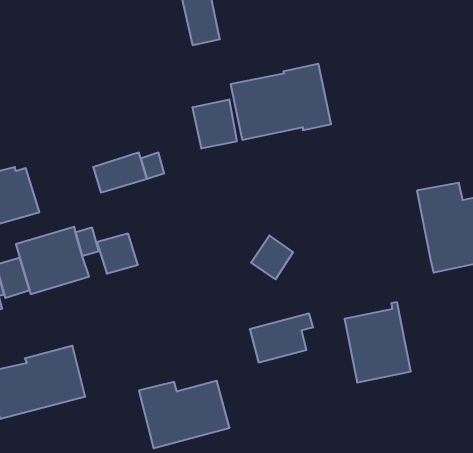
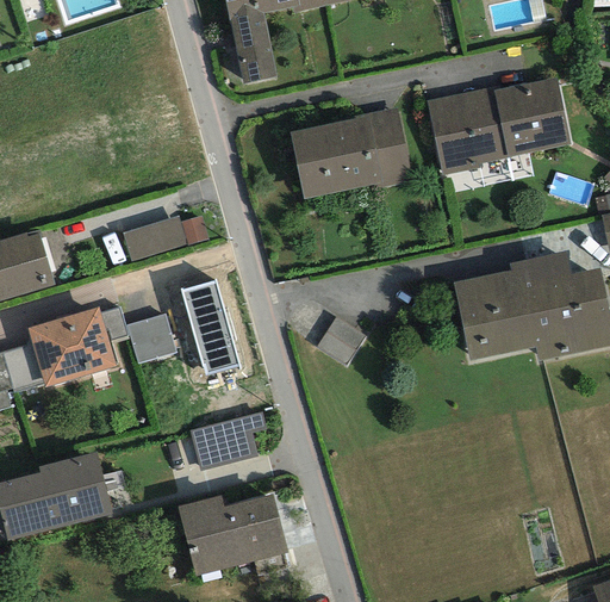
building: none -> [427,76,571,175]
building: [193,99,237,149] -> none
building: none -> [181,280,239,374]
building: [344,302,411,382] -> [453,261,534,359]
building: [250,314,313,362] -> [189,411,267,471]

